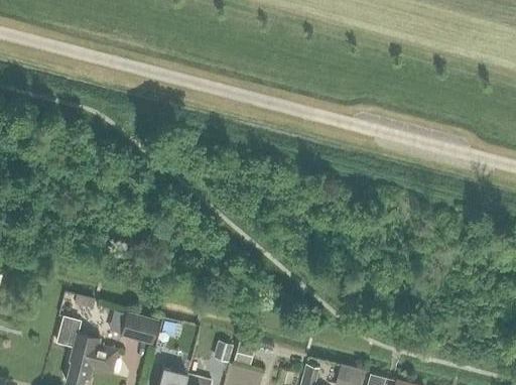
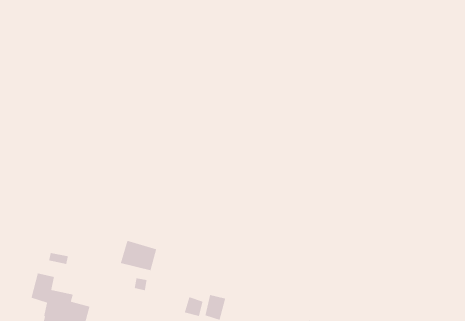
building: [119,311,157,344] -> [120,240,157,271]

